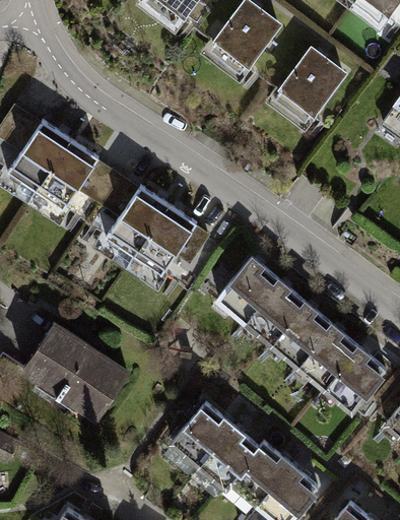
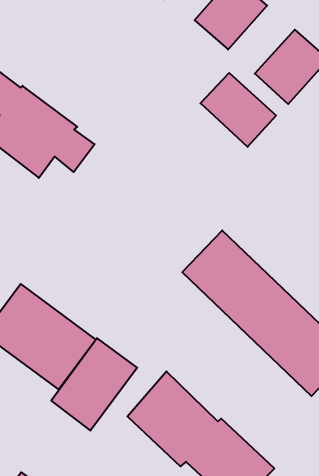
building: none -> [200,73,276,147]
building: [97,176,209,278] -> none
building: none -> [51,338,137,431]

